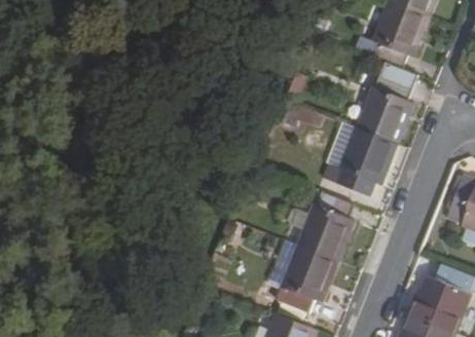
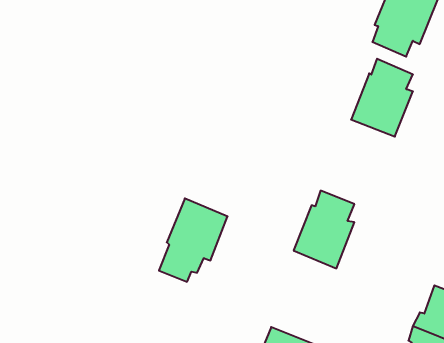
building: [331,125,391,192] -> none
building: [275,245,337,321] -> [159,198,228,282]

